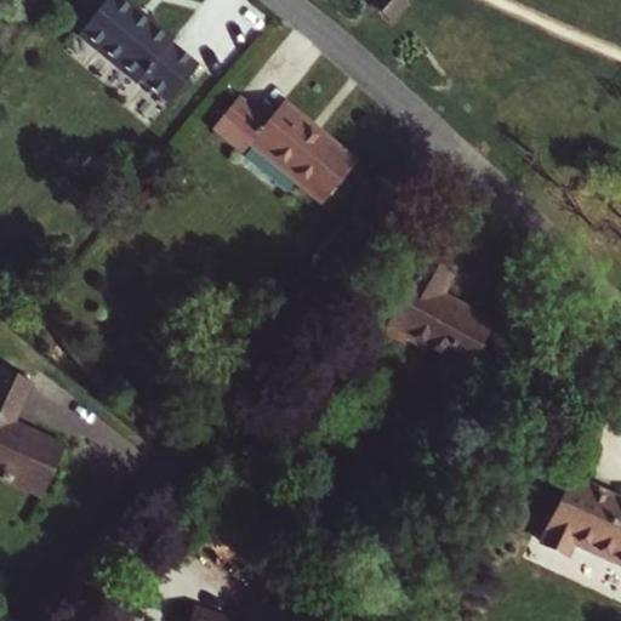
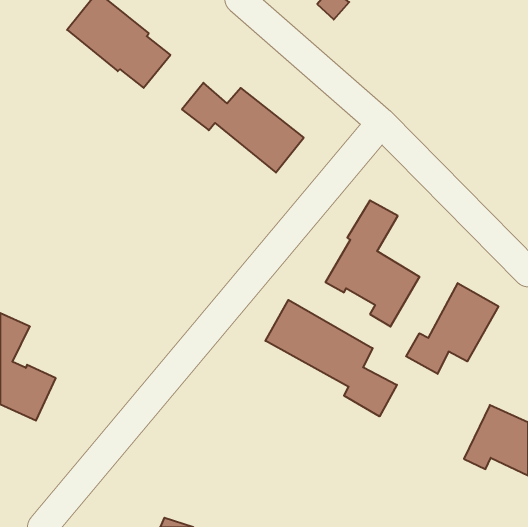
building: none -> [406,283,498,374]
building: none -> [265,300,397,416]

